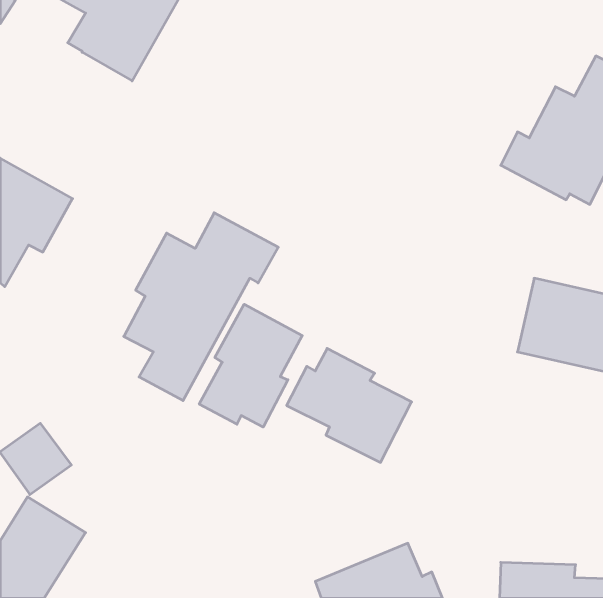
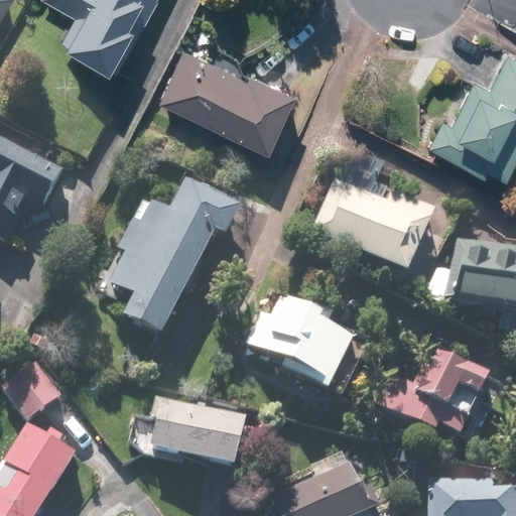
building: none -> [159,42,297,147]
building: none -> [310,176,435,275]
building: [199,304,302,427] -> none
building: none -> [377,354,486,436]
building: none -> [144,395,247,470]

